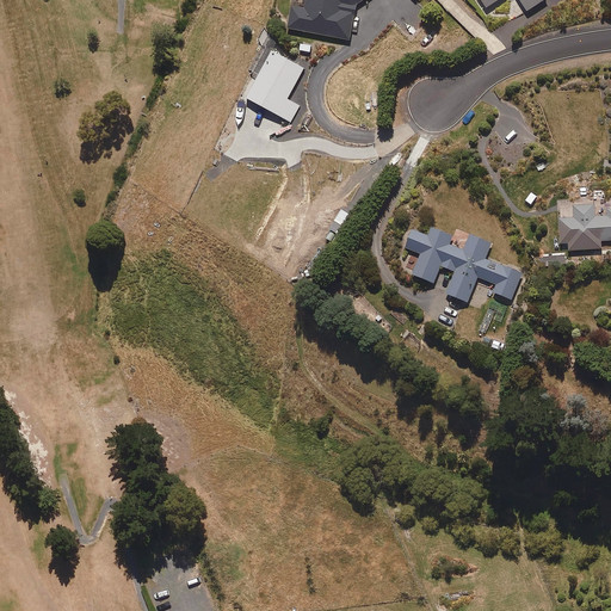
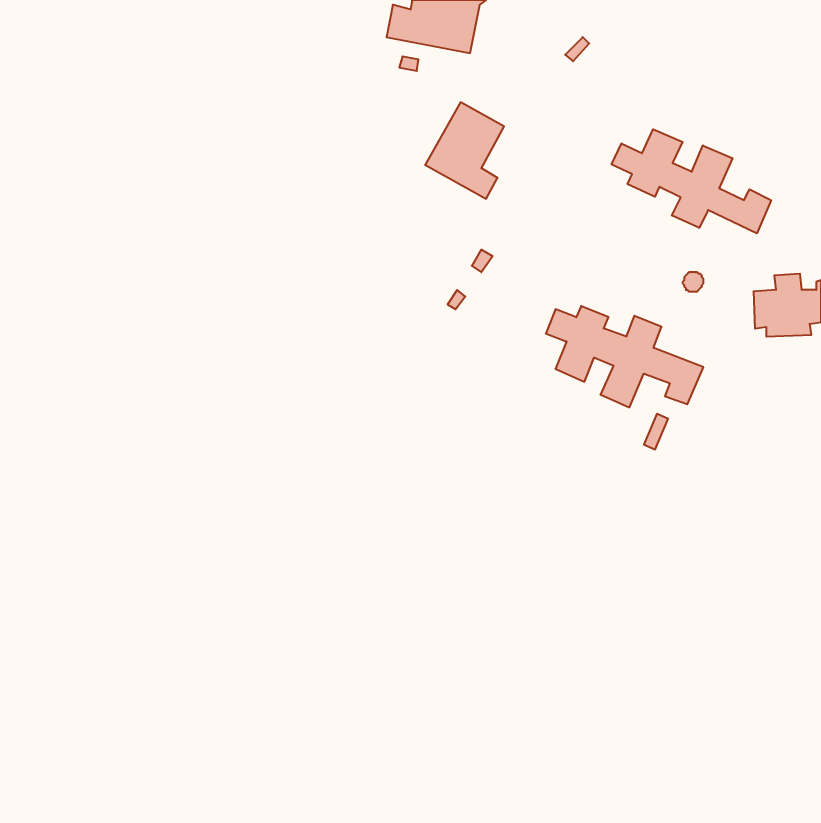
building: [245,50,303,122] -> [425,102,504,199]
building: none -> [612,129,771,233]

